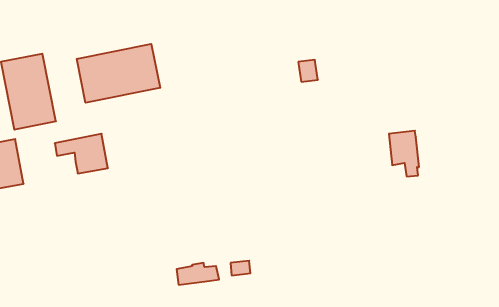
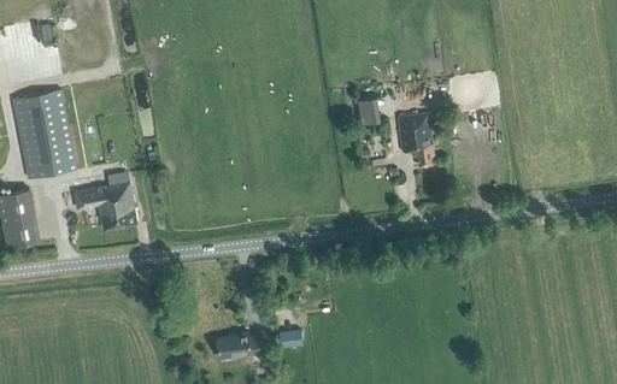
building: [77,44,160,103] -> none
building: [389,131,419,176] -> [399,113,434,166]

